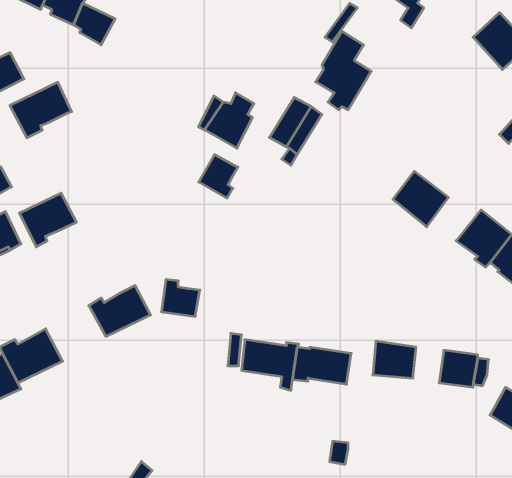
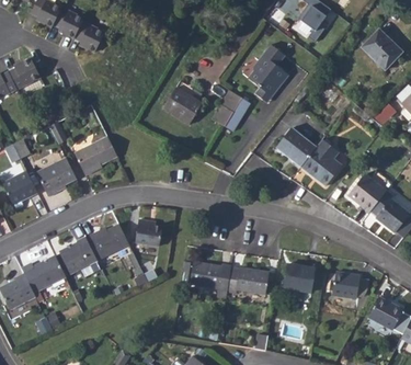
building: [10,82,72,138] -> [73,137,117,176]
building: none -> [276,126,316,163]
building: [199,155,238,198] -> none
building: none -> [59,238,98,274]

